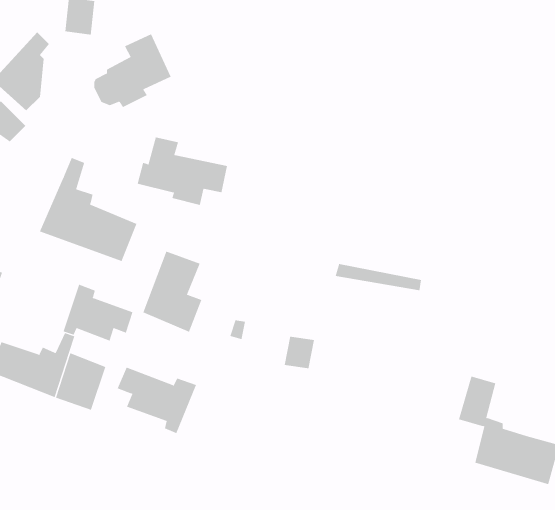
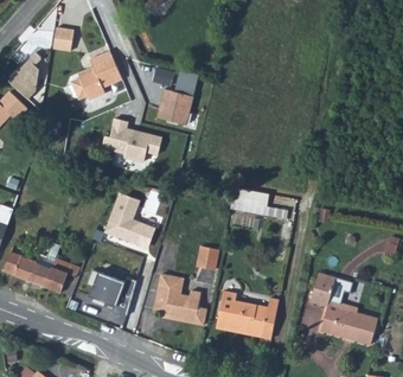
building: none -> [158,68,199,124]
building: [39,157,137,262] -> none
building: [63,284,133,342] -> none
building: none -> [154,276,205,326]
building: none -> [217,292,279,339]

